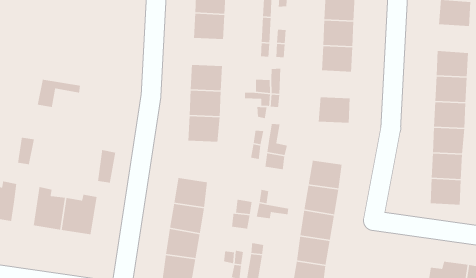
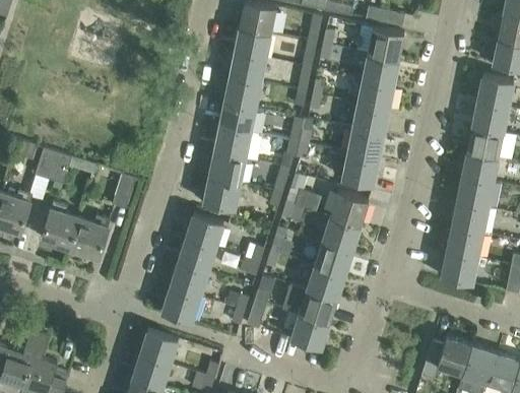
building: none -> [471,101,508,133]
building: none -> [223,77,260,109]
building: none -> [347,129,383,160]
building: [37,79,81,108] -> [47,153,93,184]
building: none -> [330,191,368,225]
building: none -> [203,179,239,210]

